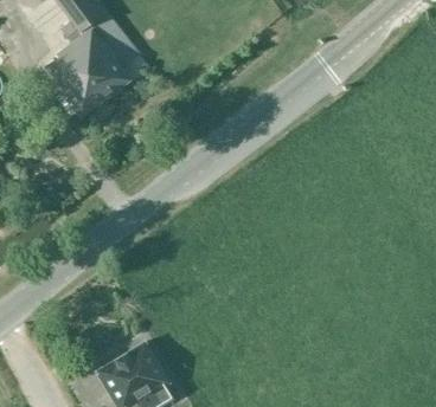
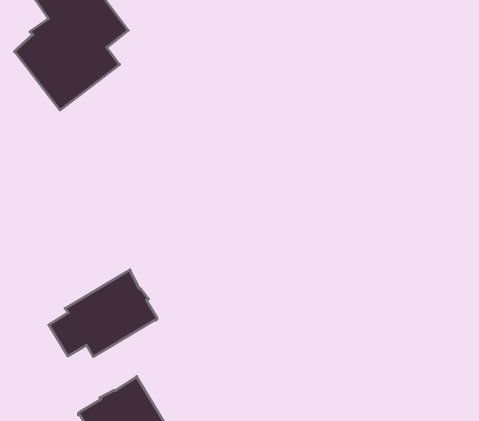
building: none -> [49,270,157,357]

